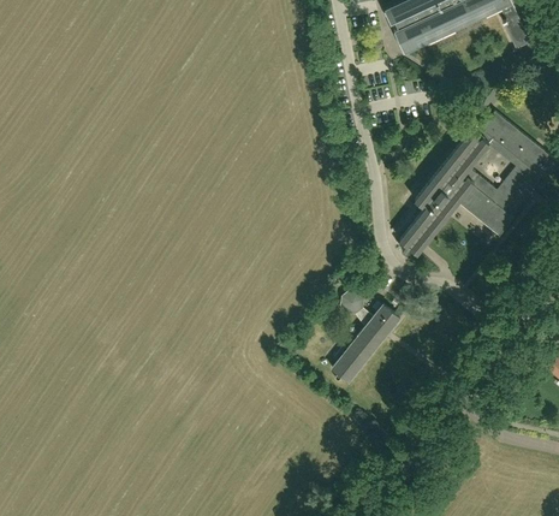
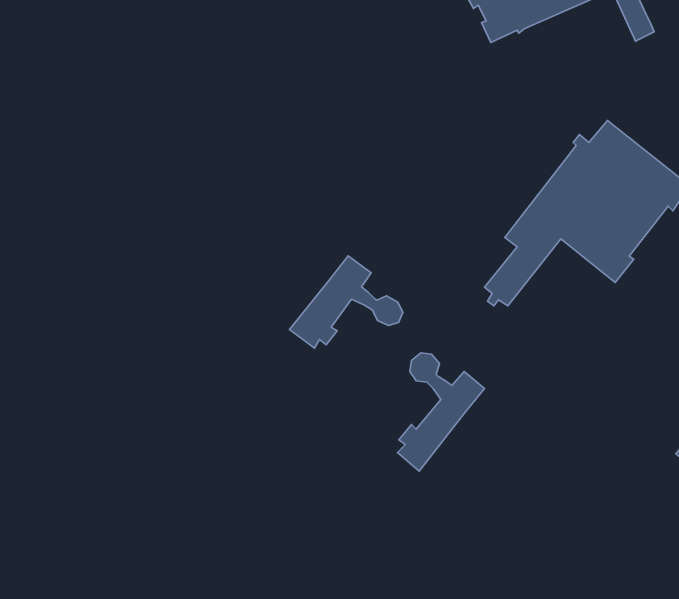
building: none -> [290,256,403,348]

